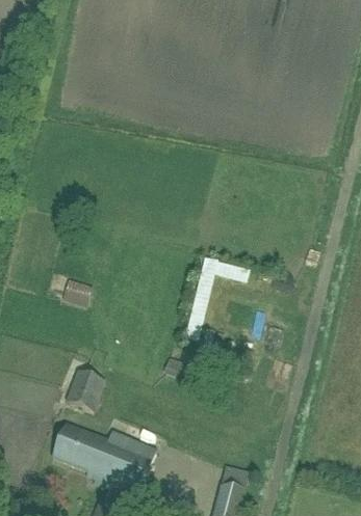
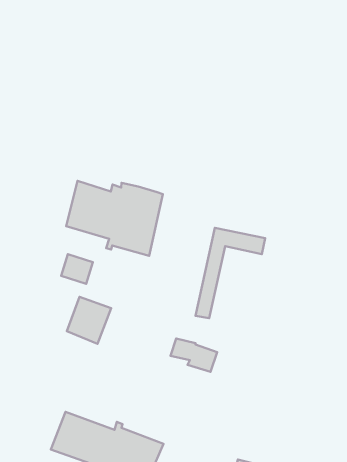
building: none -> [66,181,163,256]
building: [65,369,105,411] -> [67,297,111,344]

